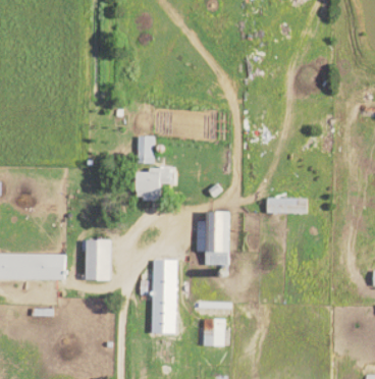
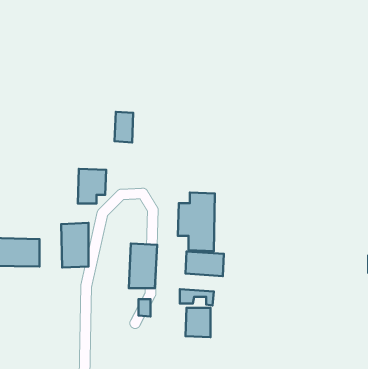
building: [141,168,167,201] -> [78,169,106,204]
building: [265,198,305,214] -> none
building: none -> [186,252,224,276]

